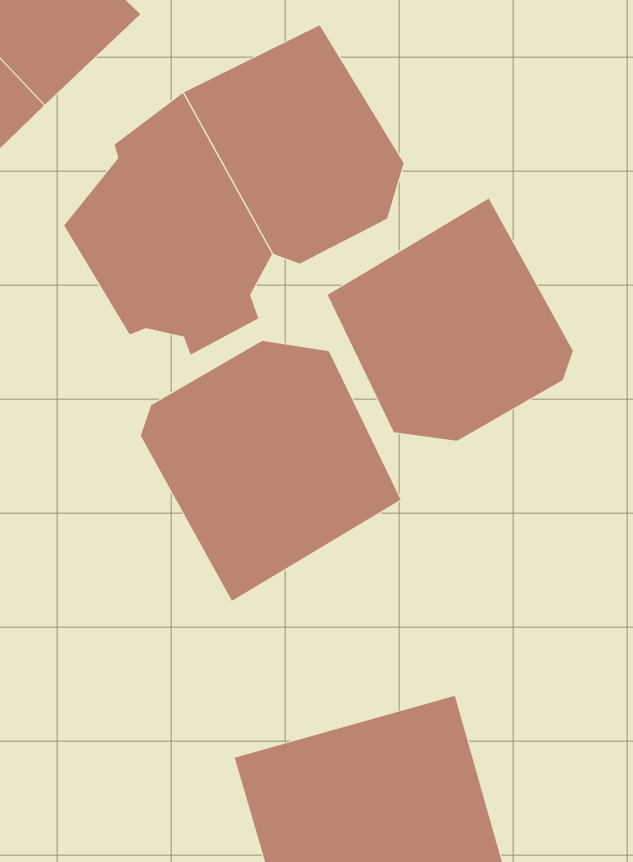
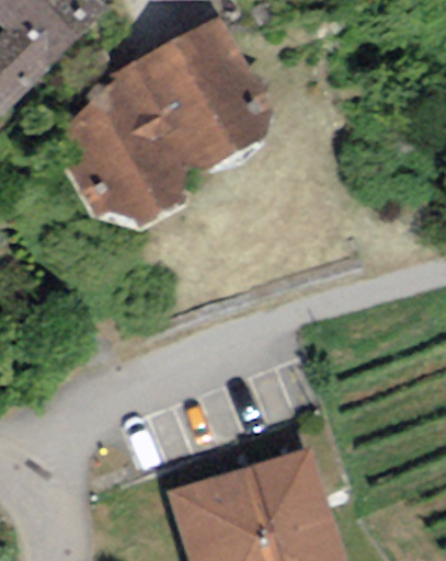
building: [327,198,574,442] -> none
building: [140,340,402,602] -> none

